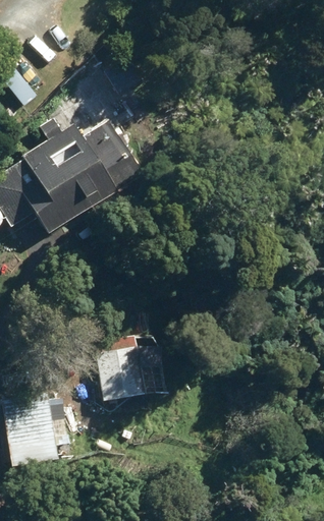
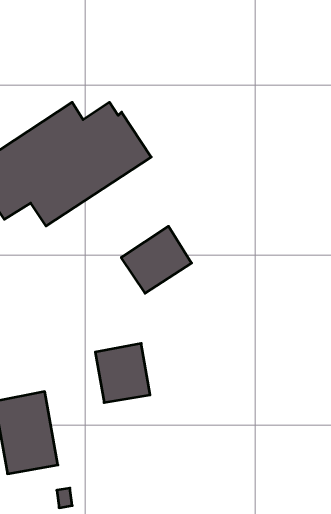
building: none -> [121,226,192,293]

